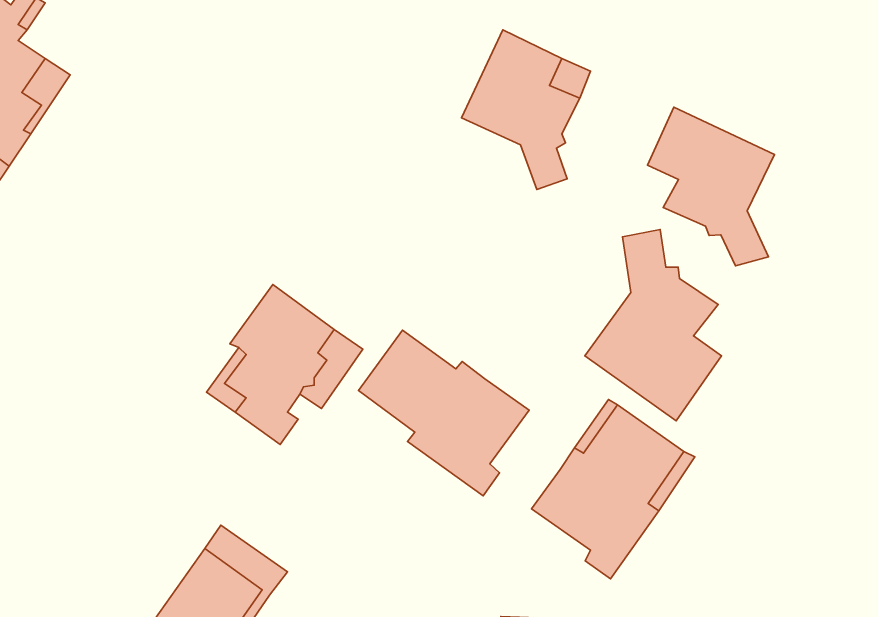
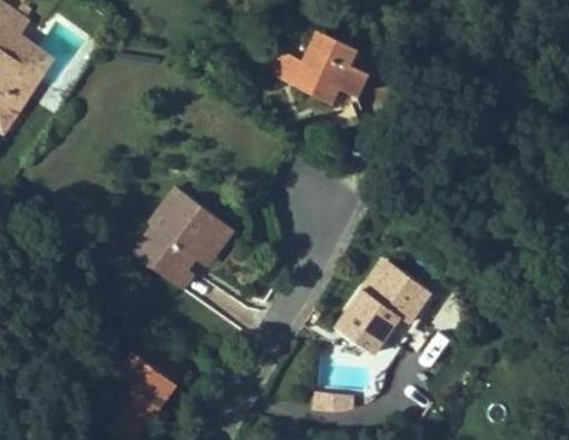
building: [648,107,775,266] -> none
building: [585,229,721,421] -> none
building: [358,330,529,496] -> none

